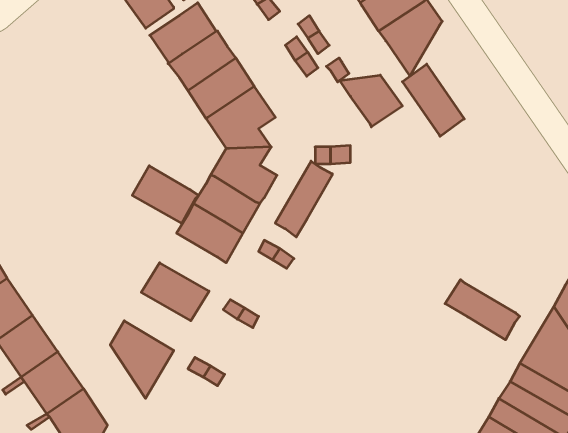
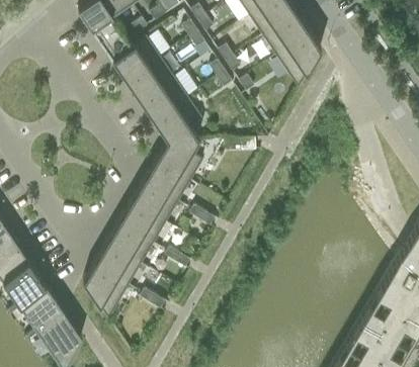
building: [402,64,464,136] -> none
building: [340,75,402,127] -> none
building: [275,161,332,237] -> none
building: [132,166,199,224] -> [119,203,167,245]
building: [445,280,520,340] -> none
building: none -> [94,246,142,287]

